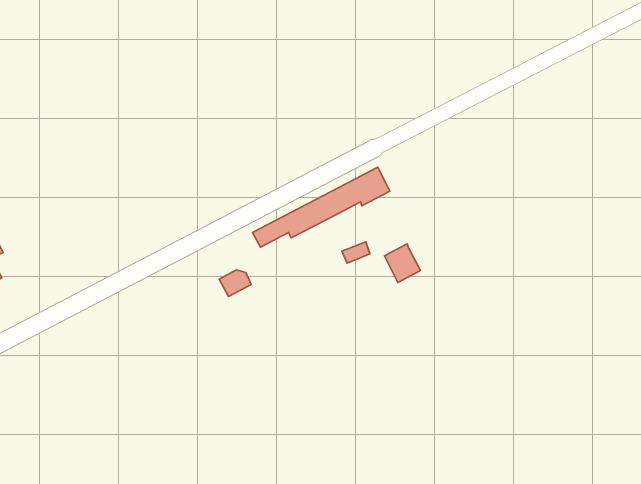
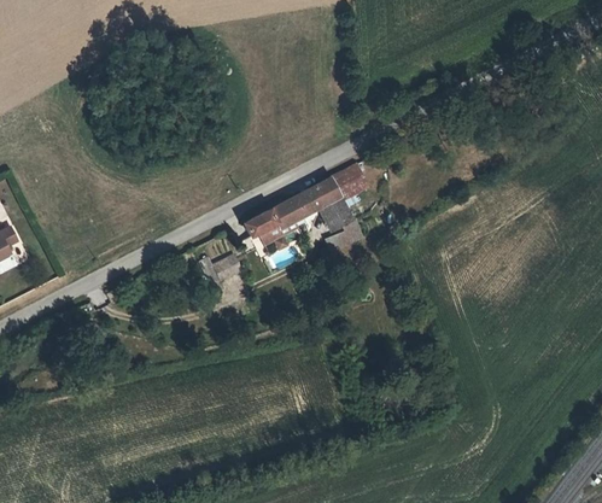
building: [384,244,420,283] -> [320,195,352,230]

